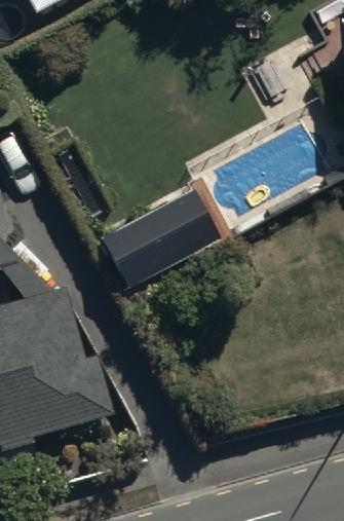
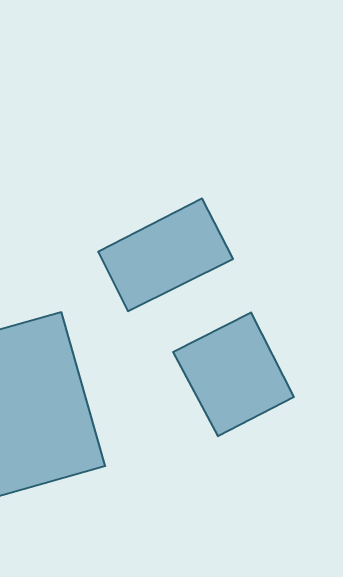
building: none -> [173,312,294,436]

